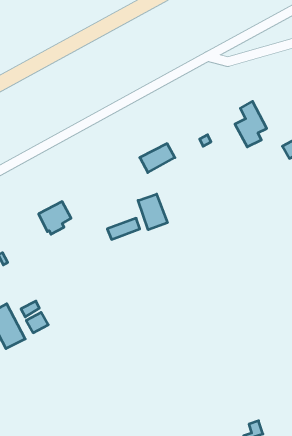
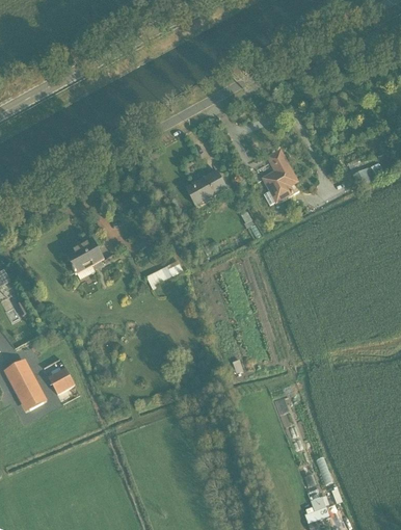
building: [235,101,267,147] -> [260,149,297,203]
building: [138,194,167,230] -> none

